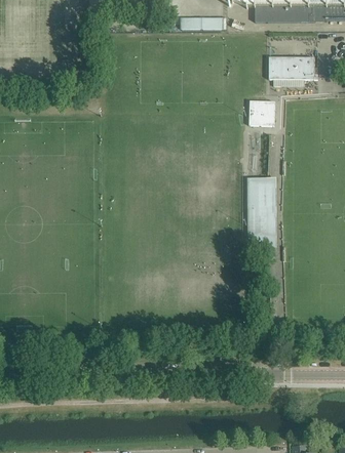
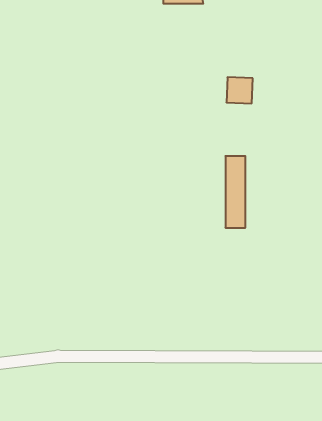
building: [269,55,318,78] -> none

